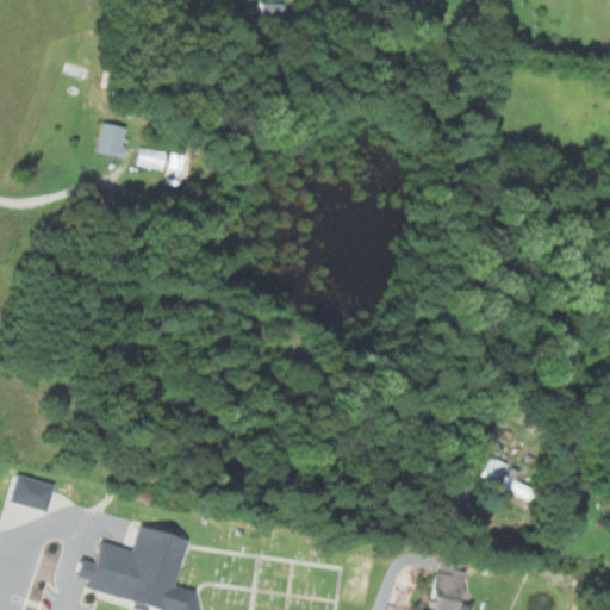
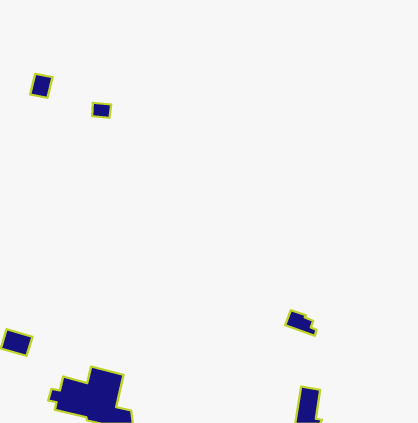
building: [98,125,130,160] -> [30,74,53,98]
building: [483,458,528,494] -> [285,310,317,336]

